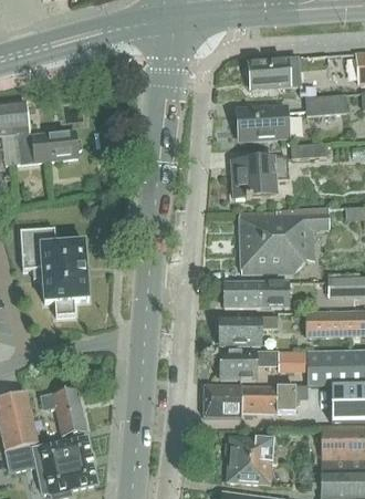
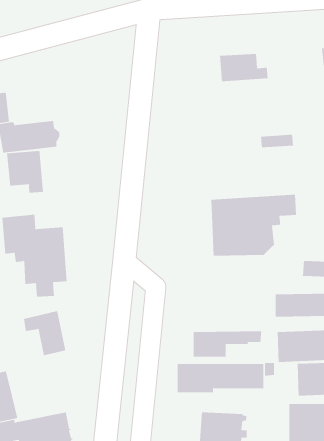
building: [305,94,346,115] -> none
building: [237,105,288,139] -> none
building: [231,156,289,197] -> none
building: none -> [6,150,43,193]
building: [223,280,293,306] -> none
building: [219,316,279,345] -> none
building: [40,387,85,435] -> [23,311,66,356]

